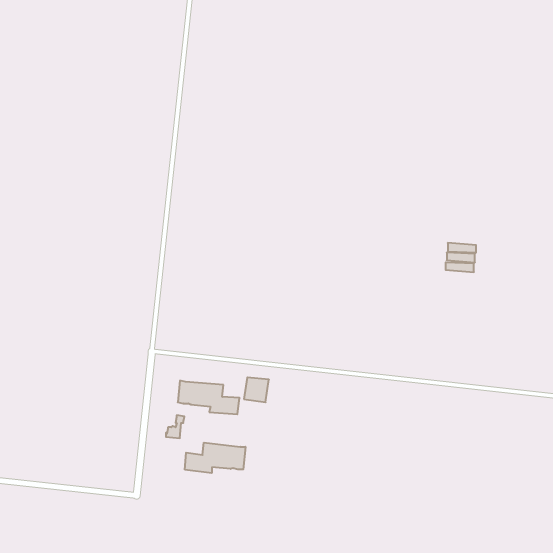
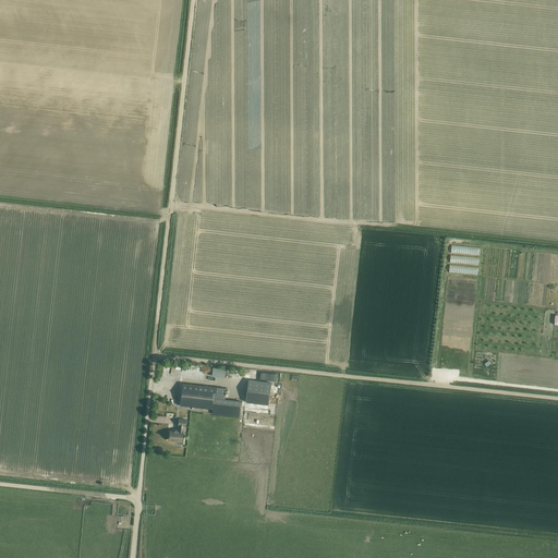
building: [185,443,245,473] -> none

